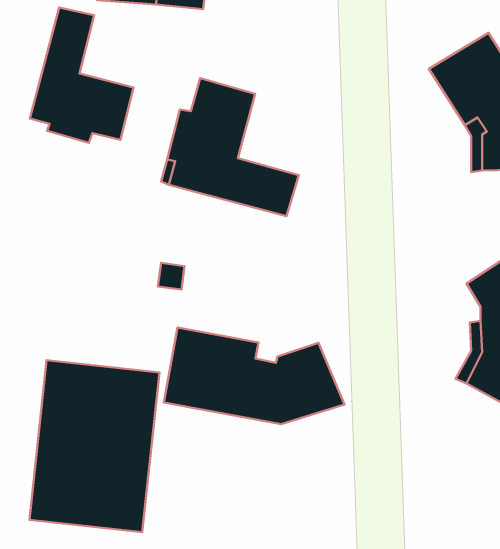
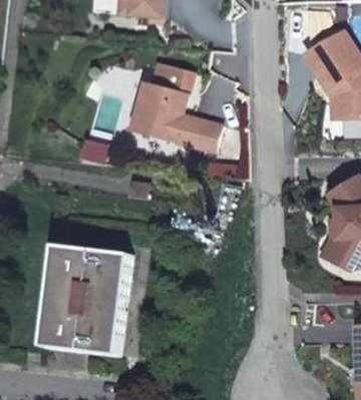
building: [30,8,134,143] -> none
building: [164,327,344,424] -> none

